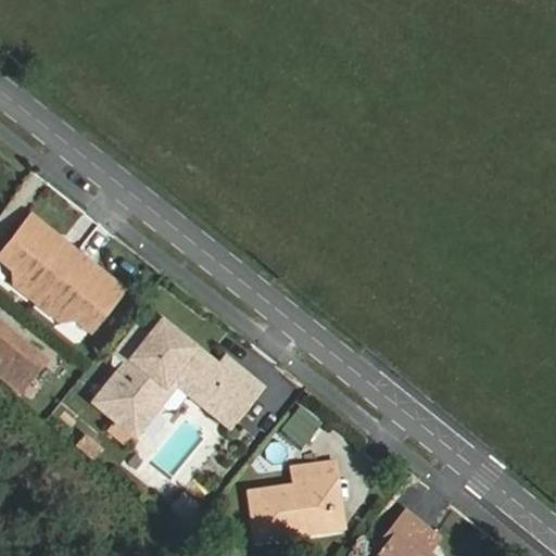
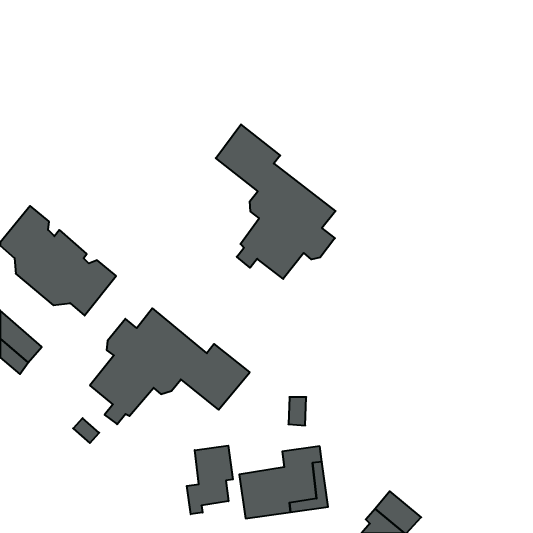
building: none -> [216,124,336,279]
building: none -> [187,446,233,514]

